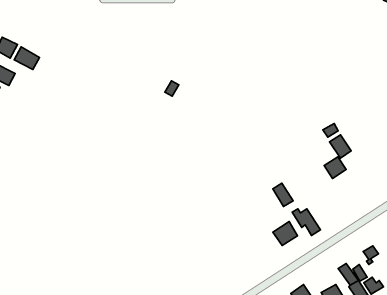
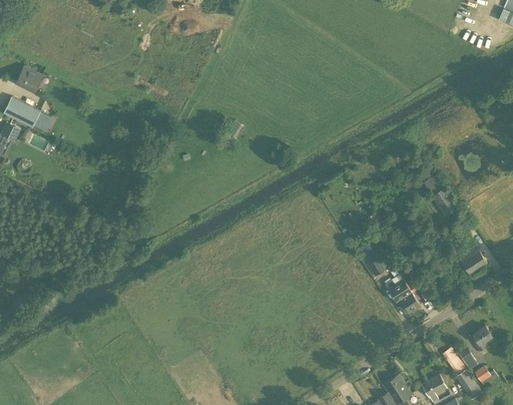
building: [14,47,40,69] -> none
building: [324,157,346,179] -> [459,247,486,274]
building: [273,221,297,246] -> none

